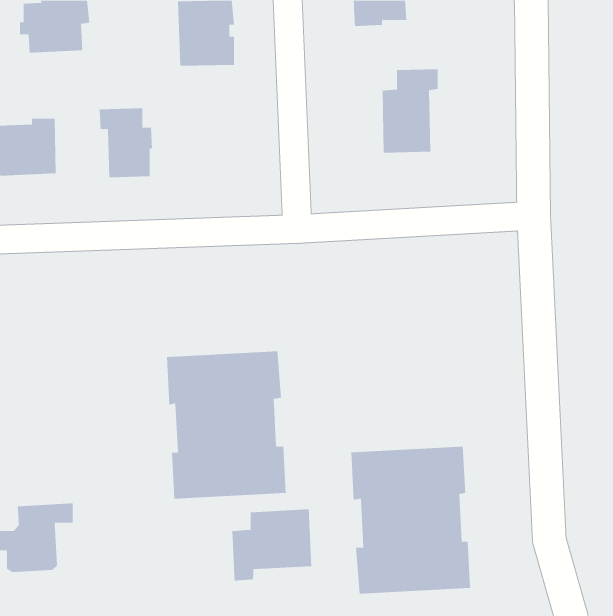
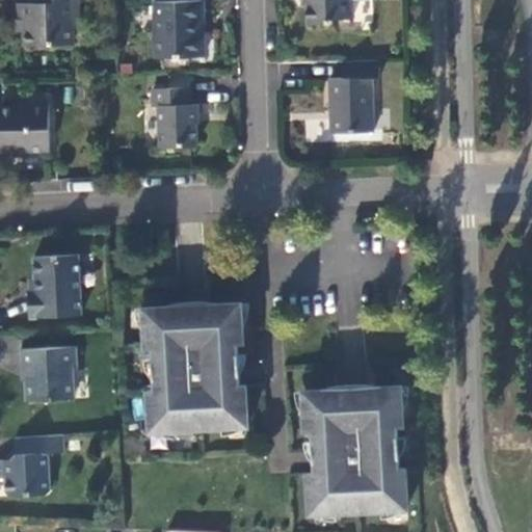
building: [99,108,153,178] -> [151,87,197,148]
building: none -> [27,254,81,317]
building: none -> [20,346,76,401]
building: [232,509,312,581] -> none

